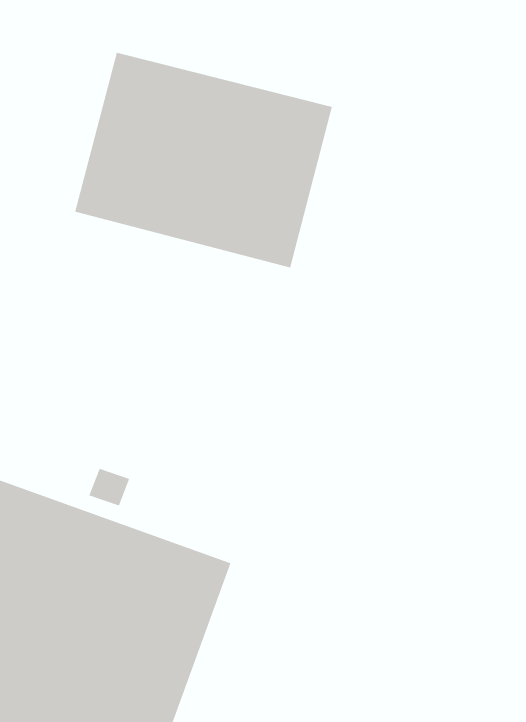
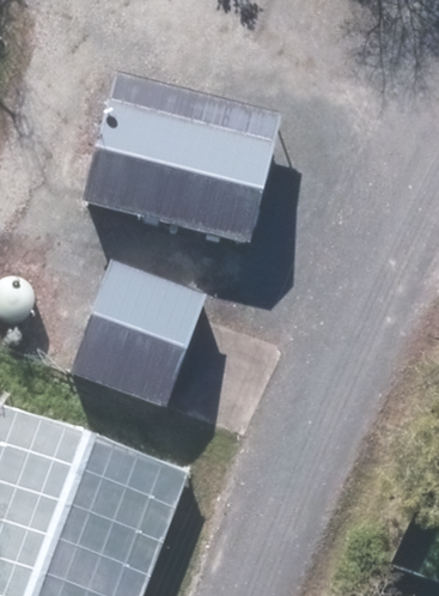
building: none -> [66,260,200,409]

